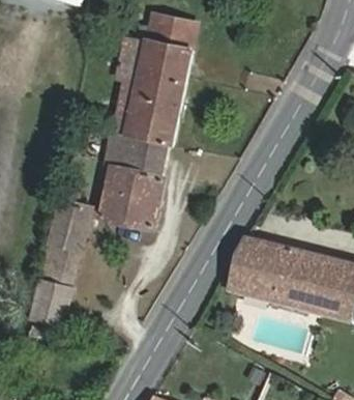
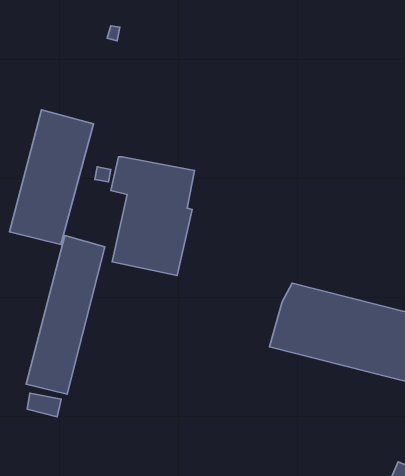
building: [108,15,200,144] -> none
building: none -> [10,110,93,244]

